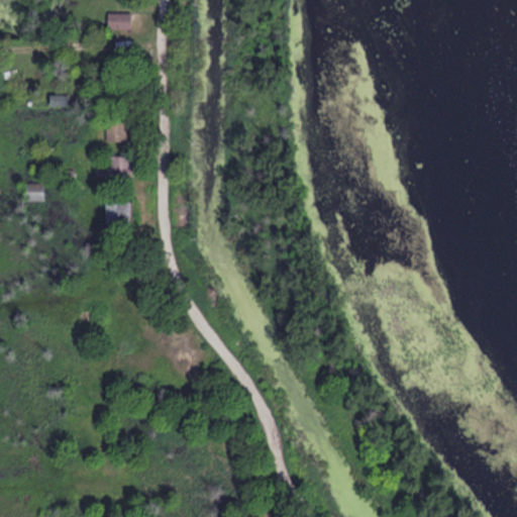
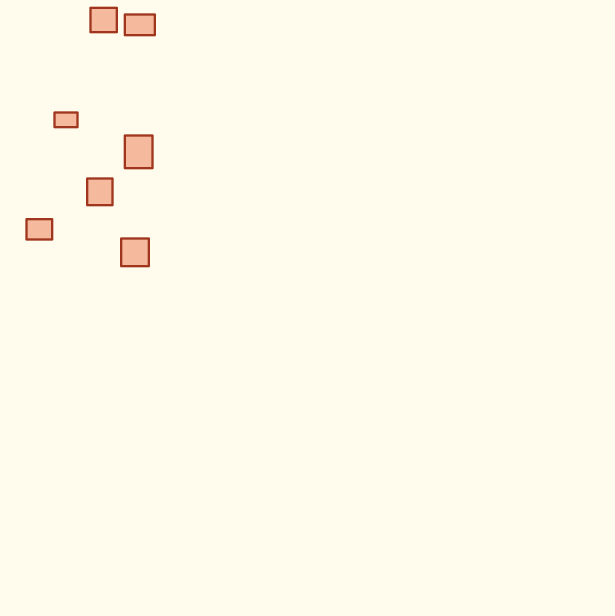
building: none -> [91,8,117,32]
building: [110,157,131,179] -> [87,179,112,205]

